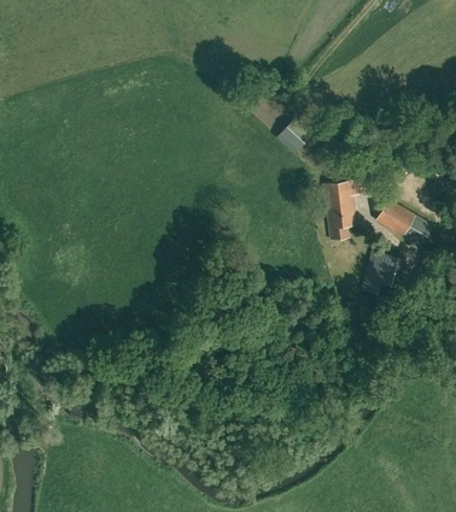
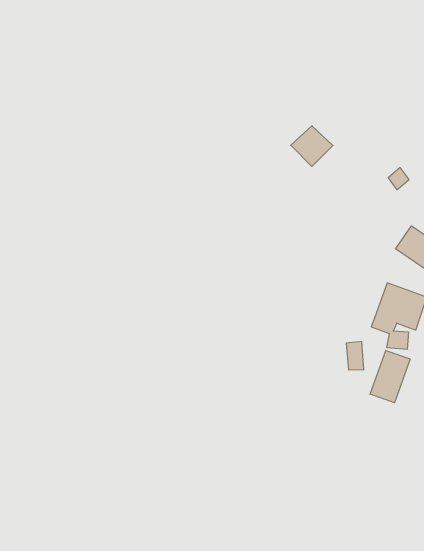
building: [323,180,359,240] -> none
building: none -> [370,350,410,403]

